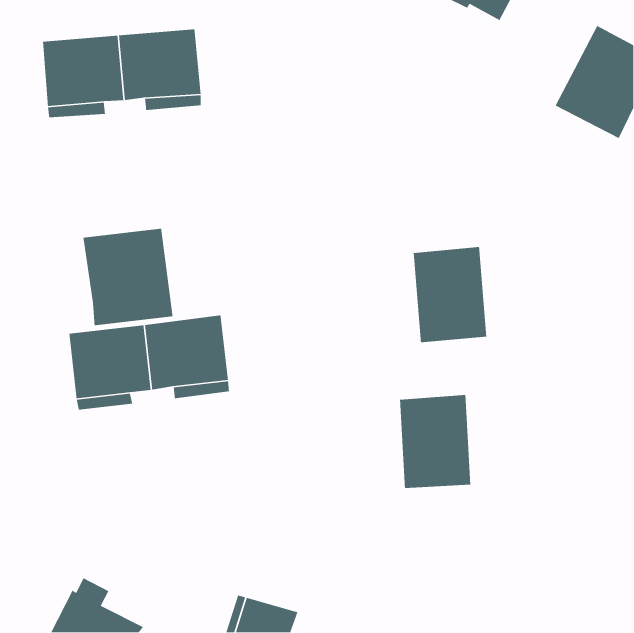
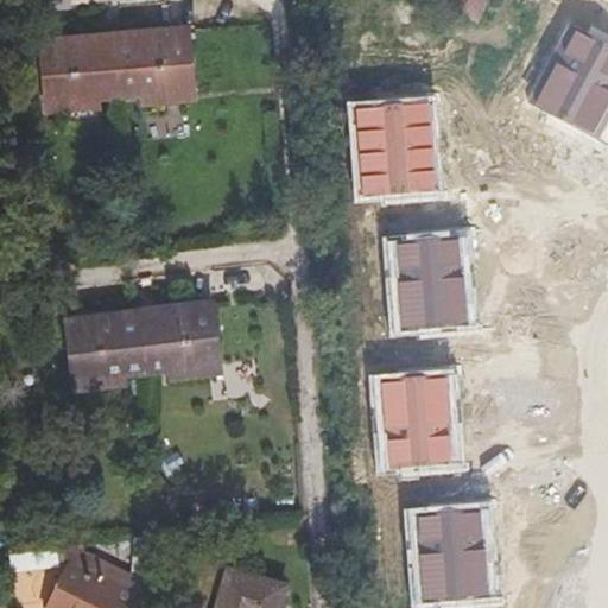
building: none -> [354,101,436,192]
building: [82,228,173,326] -> none
building: none -> [414,507,486,598]

